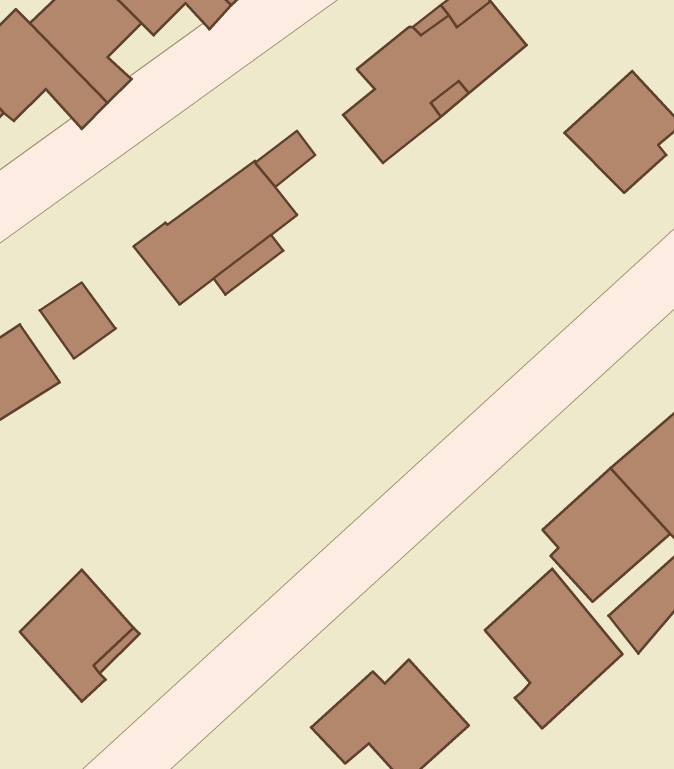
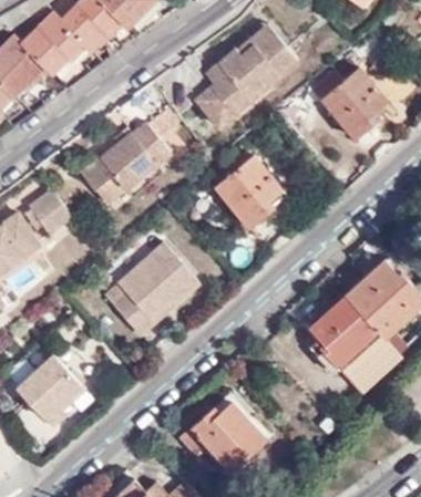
building: none -> [213,157,279,228]
building: none -> [112,239,199,332]
building: [485,569,622,728] -> none

